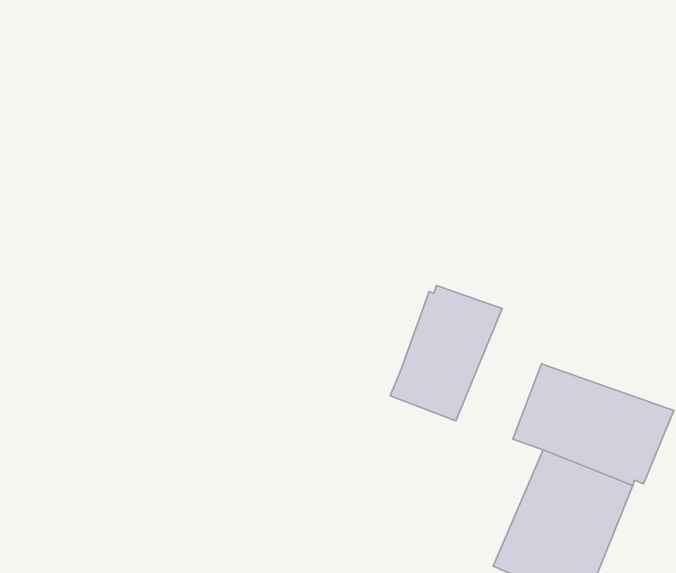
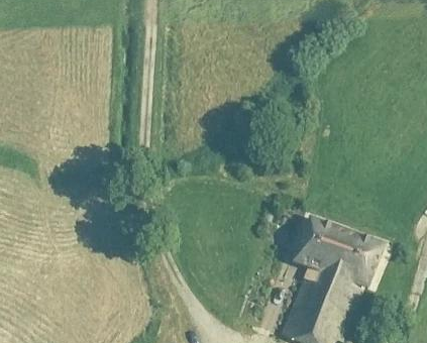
building: [390,286,502,421] -> none

